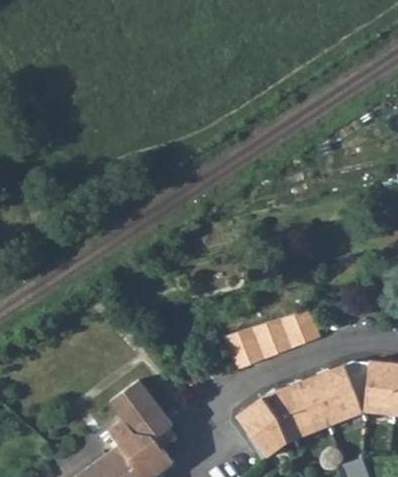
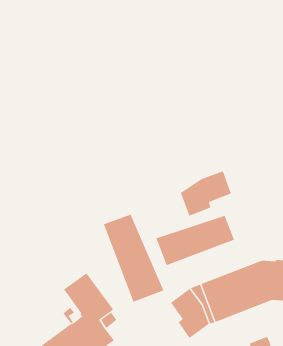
building: none -> [180,171,232,216]
building: none -> [103,214,164,303]

